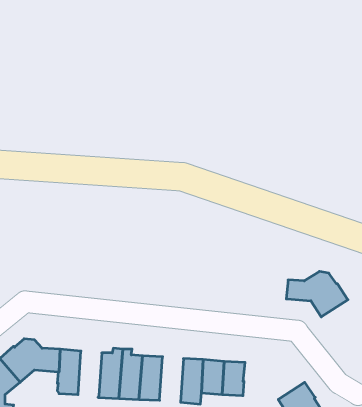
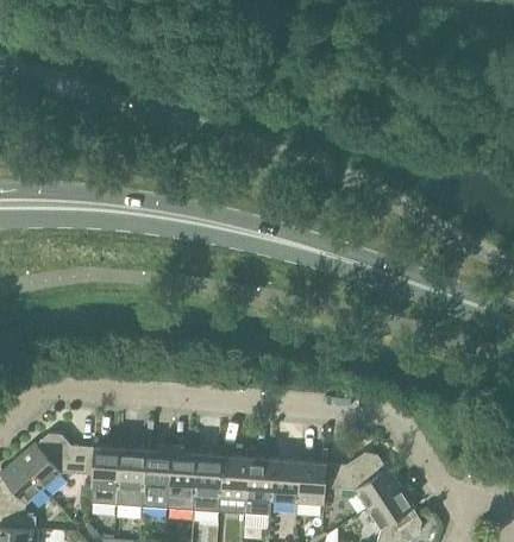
building: [286,271,348,317] -> [322,453,400,510]
building: none -> [115,449,145,505]
building: none -> [218,456,247,513]

